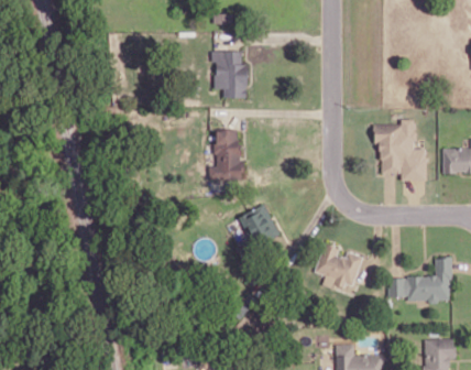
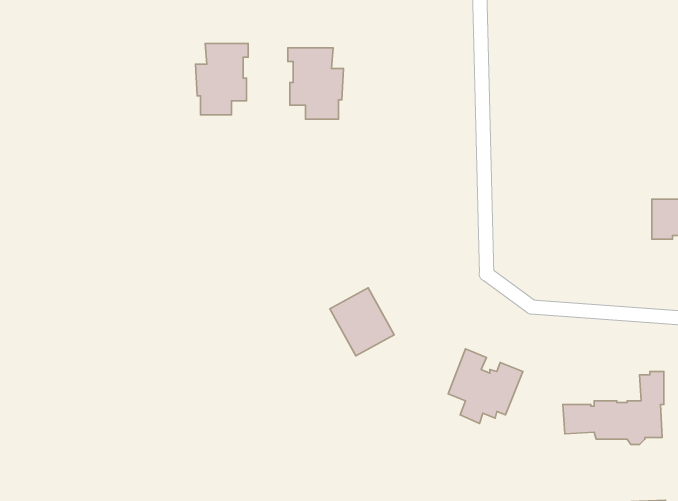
building: none -> [195,43,248,115]
building: [374,120,426,179] -> none
building: [208,132,244,182] -> none

